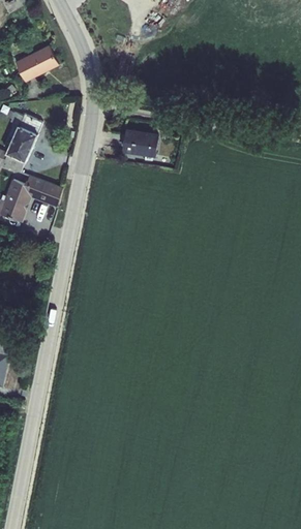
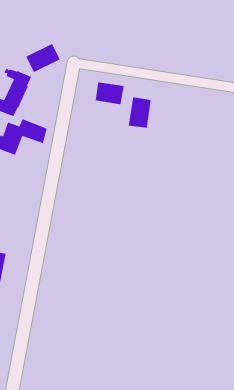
building: [14,44,59,82] -> [25,43,61,73]
building: none -> [128,96,151,129]

